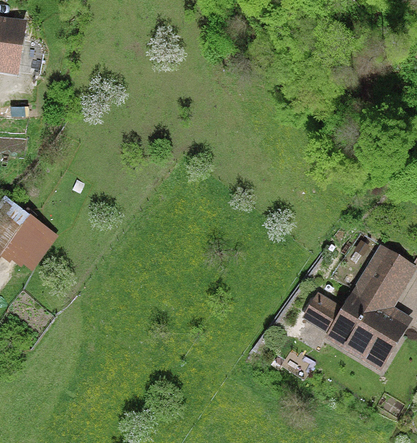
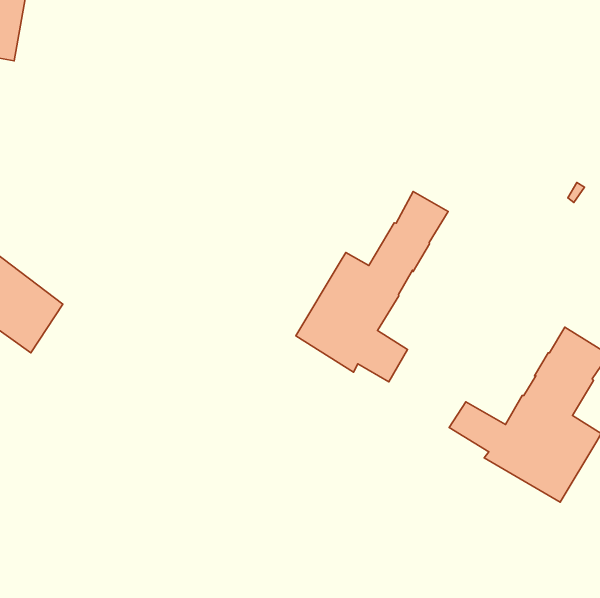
building: none -> [296,192,448,382]

